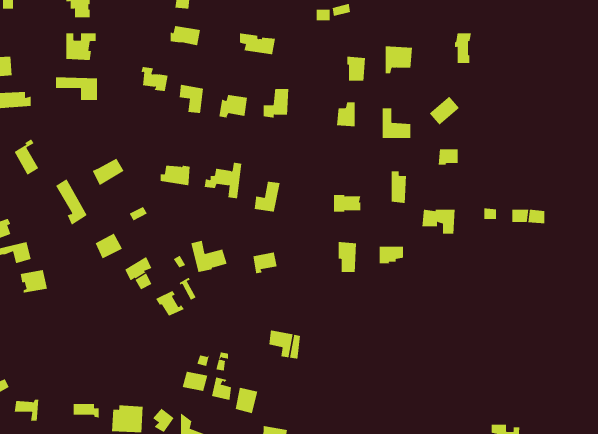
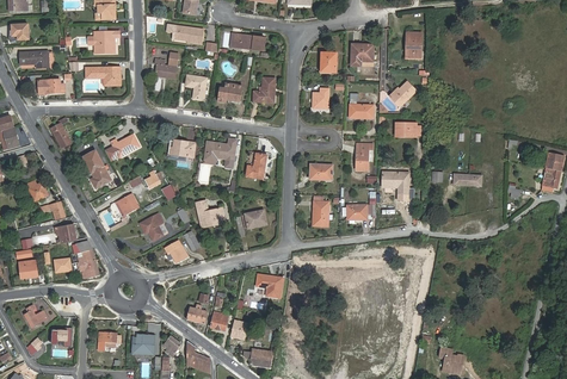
building: none -> [78,241,100,279]

